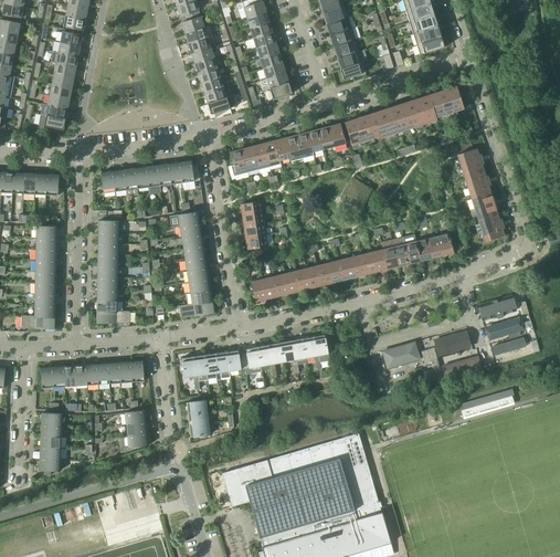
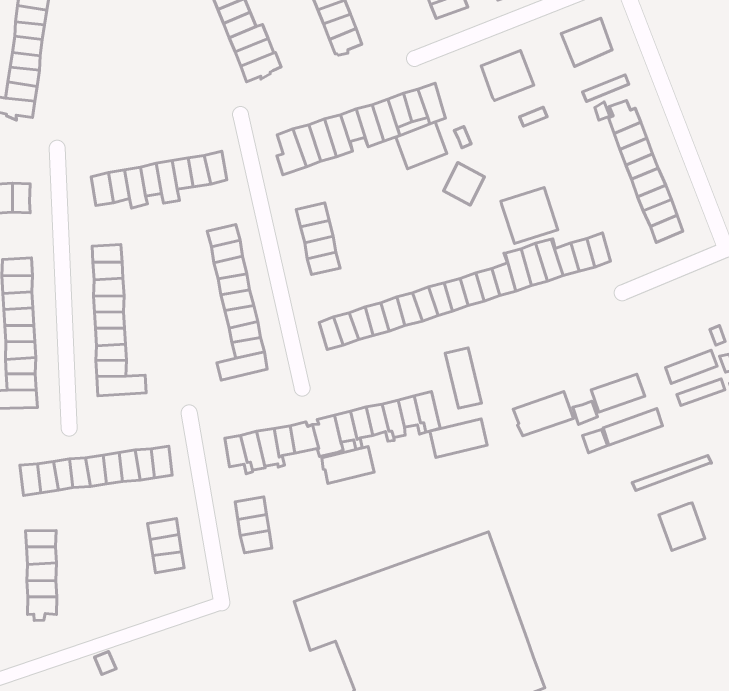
building: [401,94,437,128] -> none
building: [346,113,380,144] -> [396,122,447,169]
building: none -> [501,187,558,243]
building: [480,297,517,322] -> none
building: none -> [445,348,481,408]
building: none -> [430,419,487,458]
building: none -> [322,446,374,484]
building: none -> [659,503,705,550]

